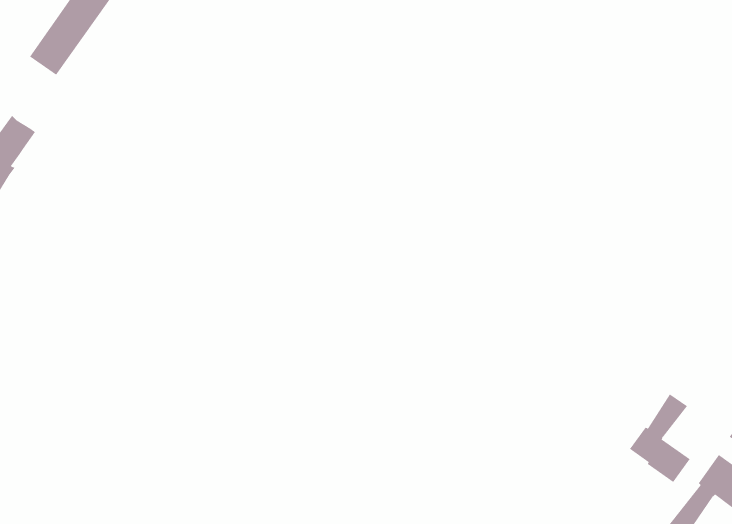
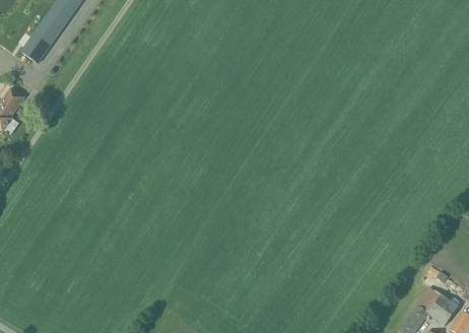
building: [629,394,690,483] -> none

